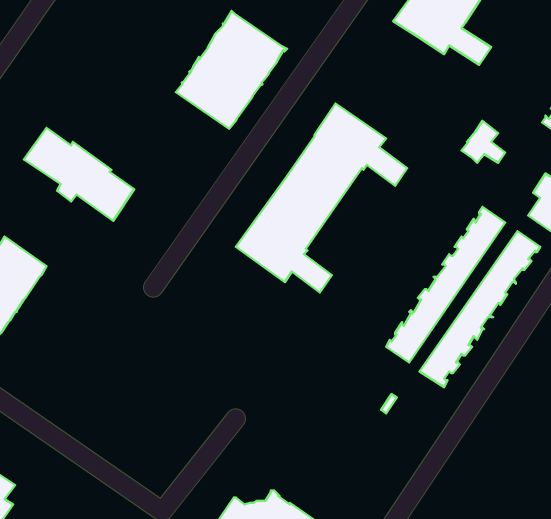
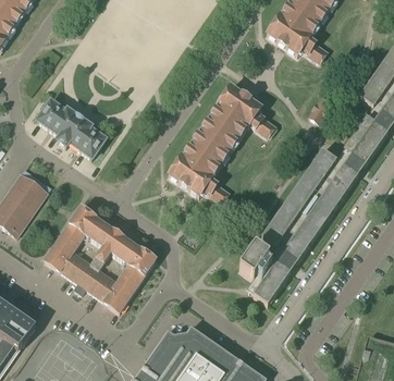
building: [176,11,287,129] -> none
building: none -> [44,207,155,311]
building: none -> [238,245,269,278]
building: none -> [253,260,290,304]

